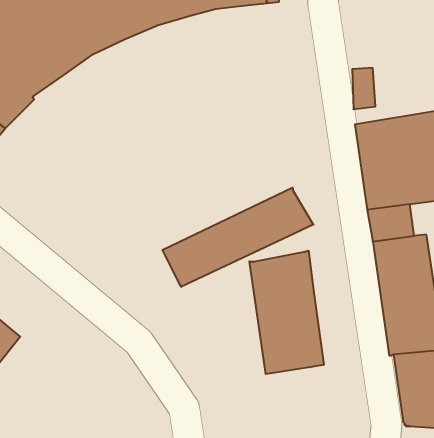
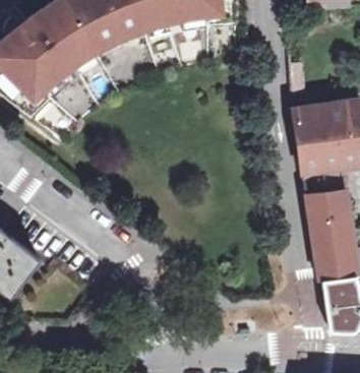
building: [162,188,314,287] -> none
building: [249,251,324,374] -> none

